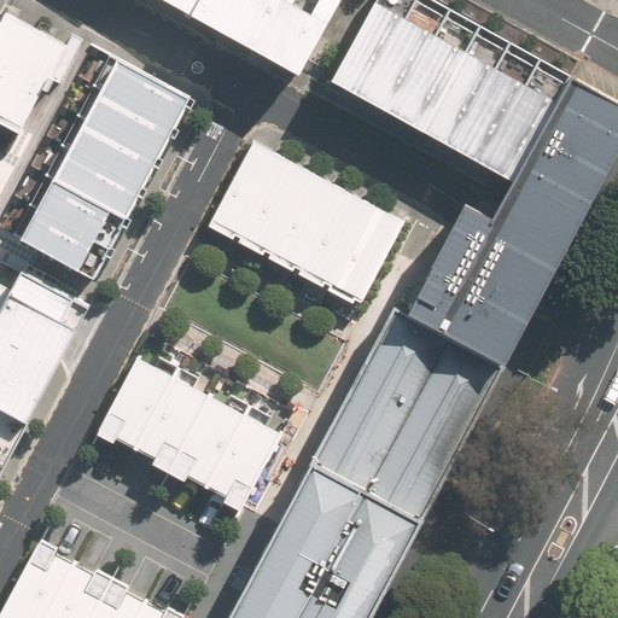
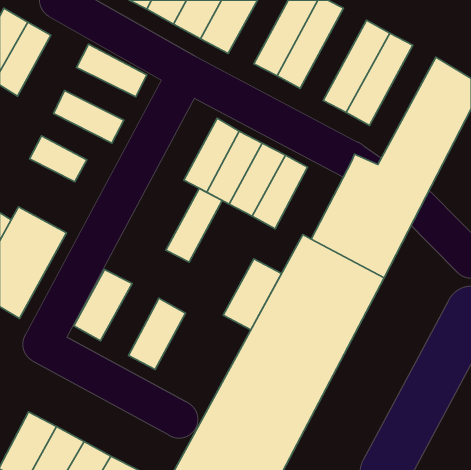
building: [392,13,479,134] -> none
building: [483,62,570,182] -> none
building: [84,91,177,159] -> none
building: [210,141,284,238] -> [166,188,222,262]
building: [54,151,146,220] -> none
building: [23,210,98,270] -> none
building: [132,373,208,467] -> none
building: [203,412,279,505] -> [223,259,281,330]

